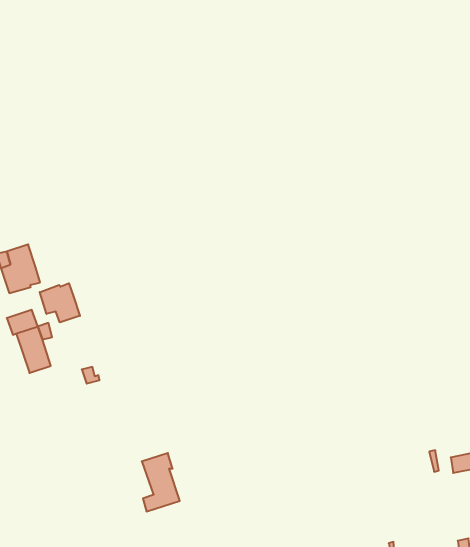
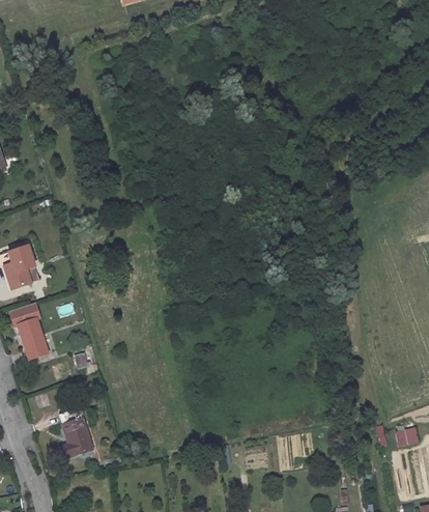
building: [40,283,80,322] -> none
building: [142,453,180,511] -> [59,407,92,458]

